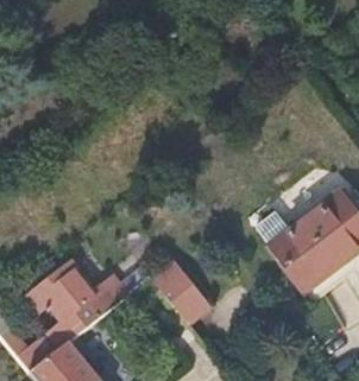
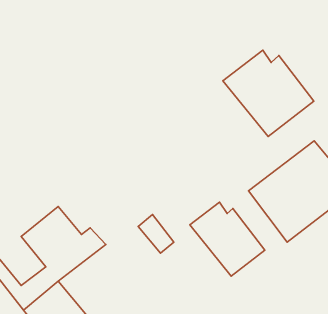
building: none -> [223,50,314,136]
building: none -> [190,202,265,276]

